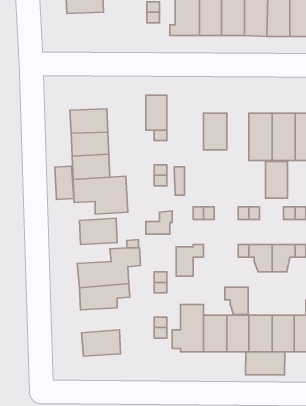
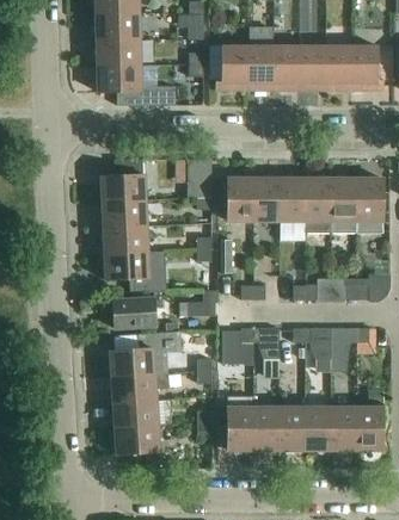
building: none -> [98,63,176,104]
building: none -> [227,178,253,219]
building: [265,161,288,198] -> [280,178,305,219]
building: [55,166,74,199] -> none
building: [225,287,248,315] -> [253,327,280,358]
building: none -> [113,398,158,427]
building: [246,352,285,375] -> none

